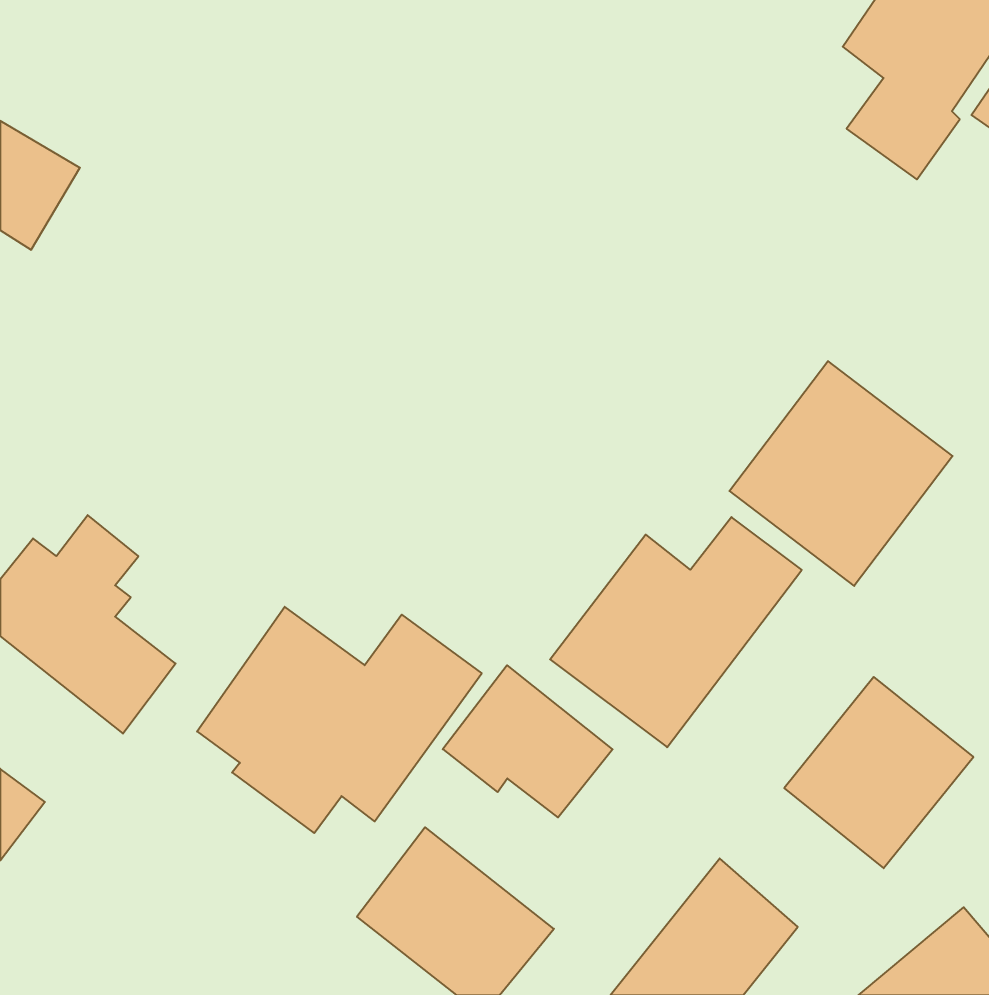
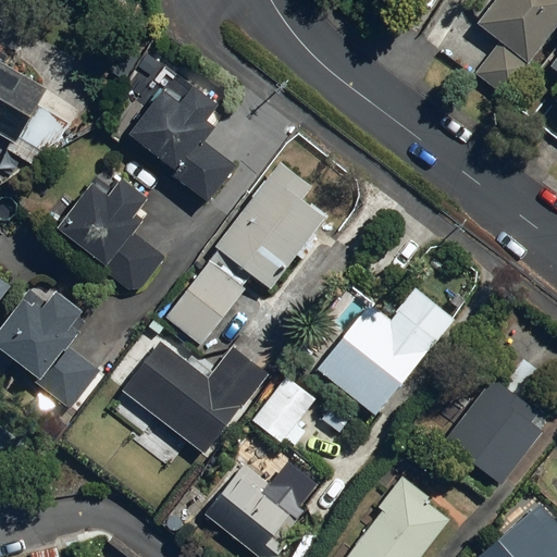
building: none -> [113,78,234,203]
building: none -> [46,153,171,298]
building: none -> [165,157,319,349]
building: [729,361,953,586] -> none

